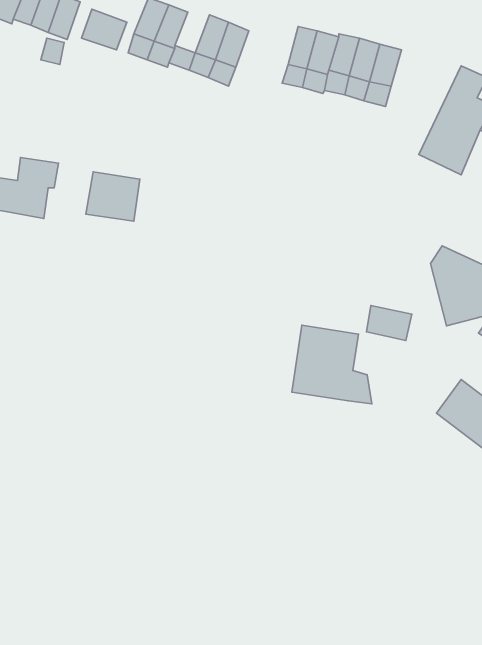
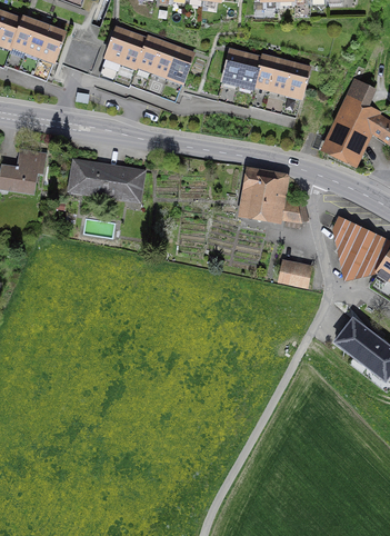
building: none -> [136,33,162,68]
building: none -> [104,165,147,204]
building: [292,325,372,404] -> [240,167,301,227]

